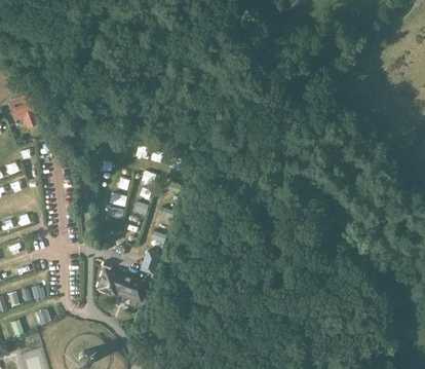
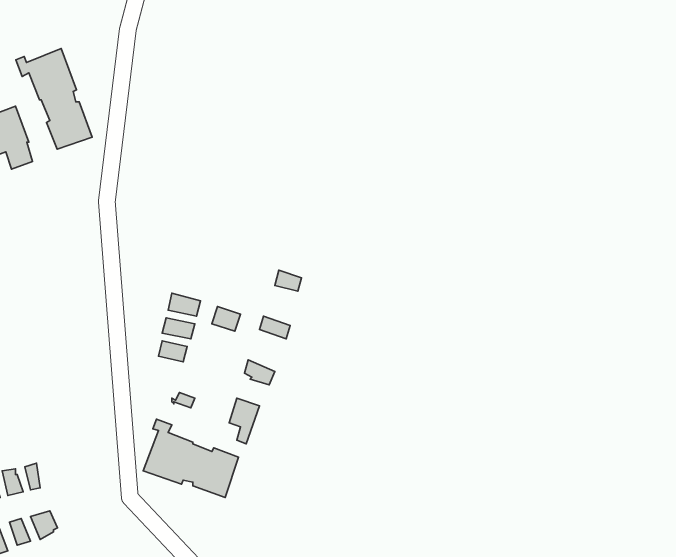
building: none -> [16,48,92,149]

